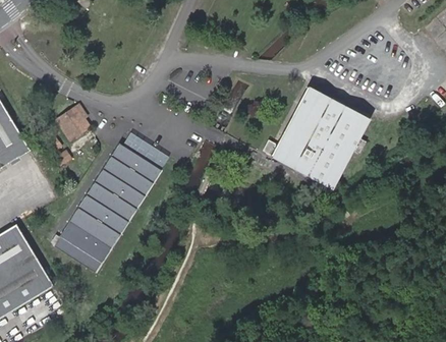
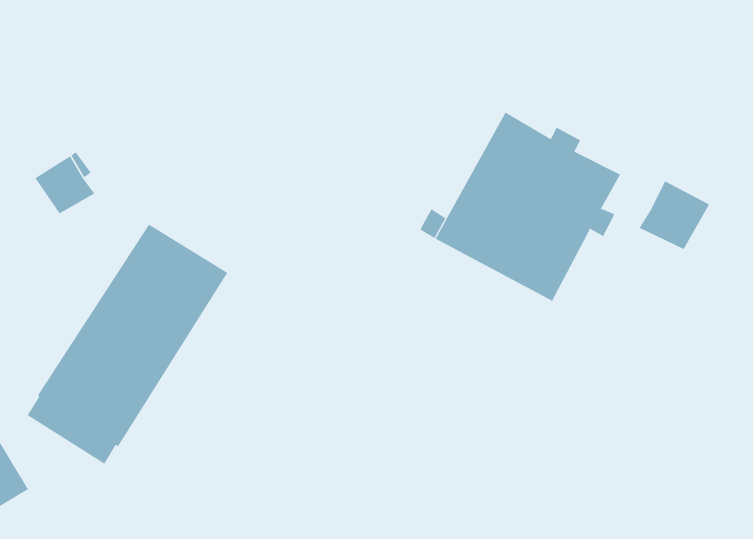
building: none -> [639,180,710,250]
building: [117,131,168,171] -> none

